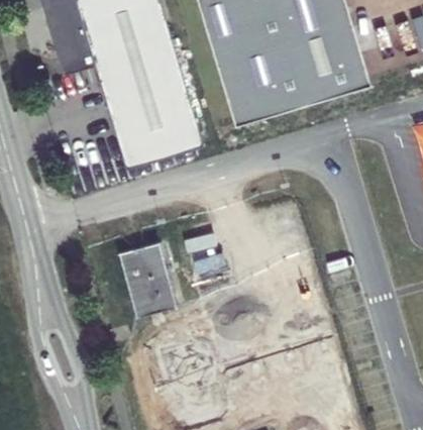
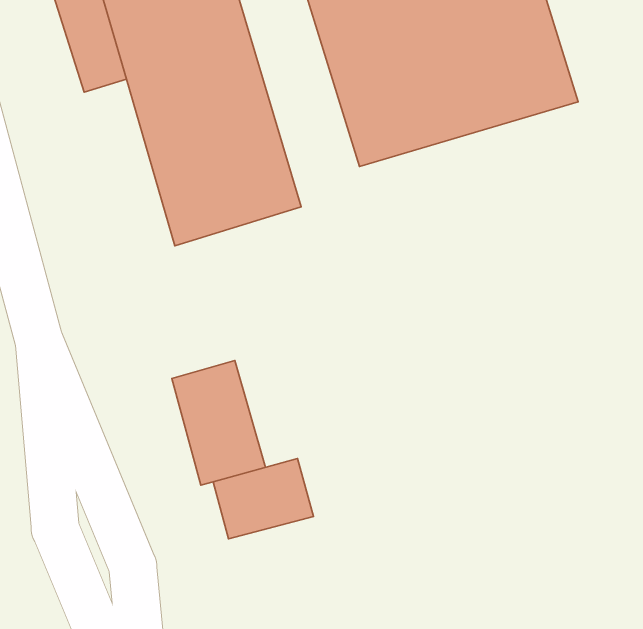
building: none -> [213,459,313,539]

